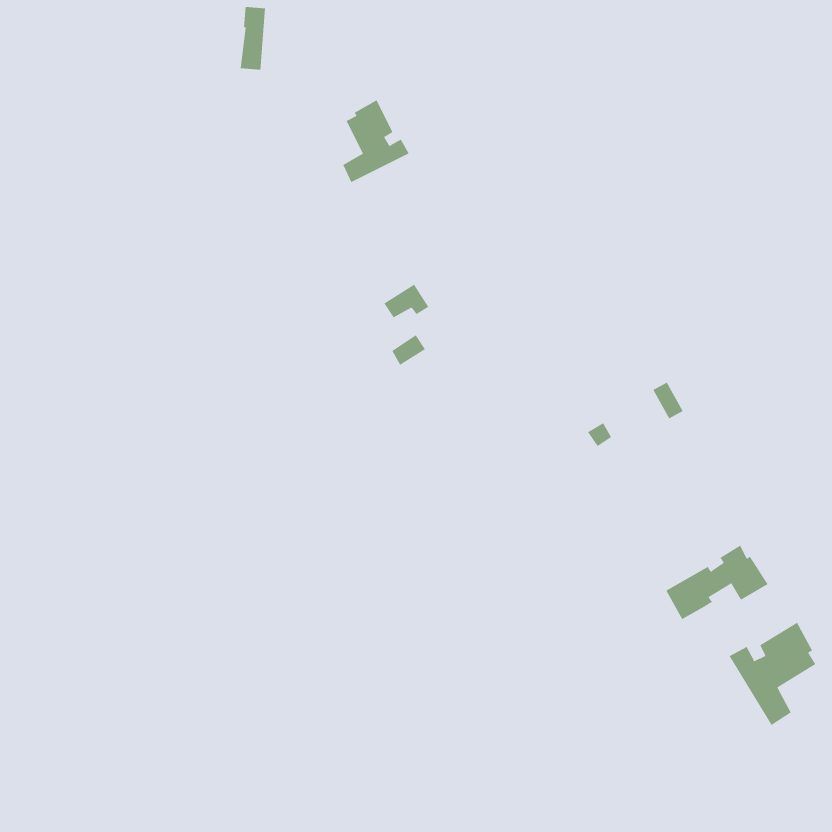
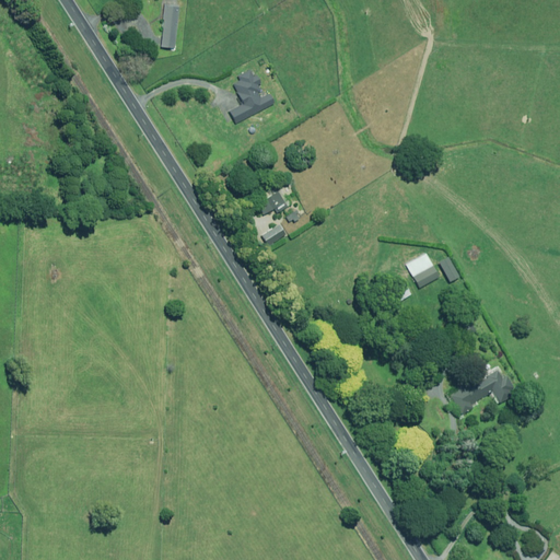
building: none -> [405,252,439,287]
building: [729,622,816,726] -> none

